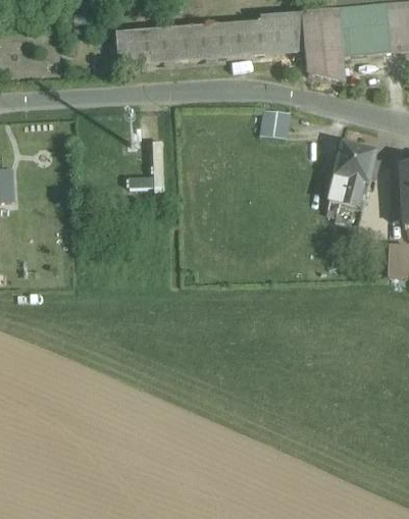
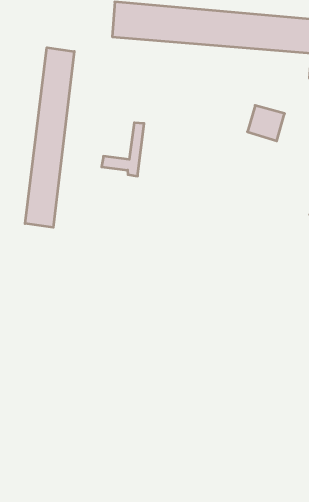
building: none -> [25,48,74,227]

